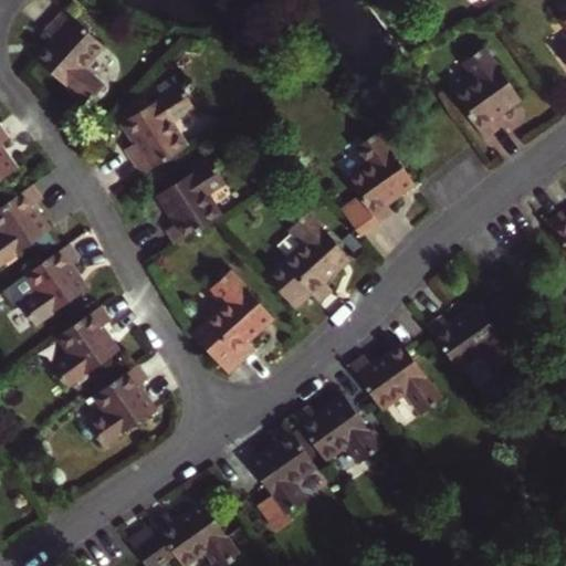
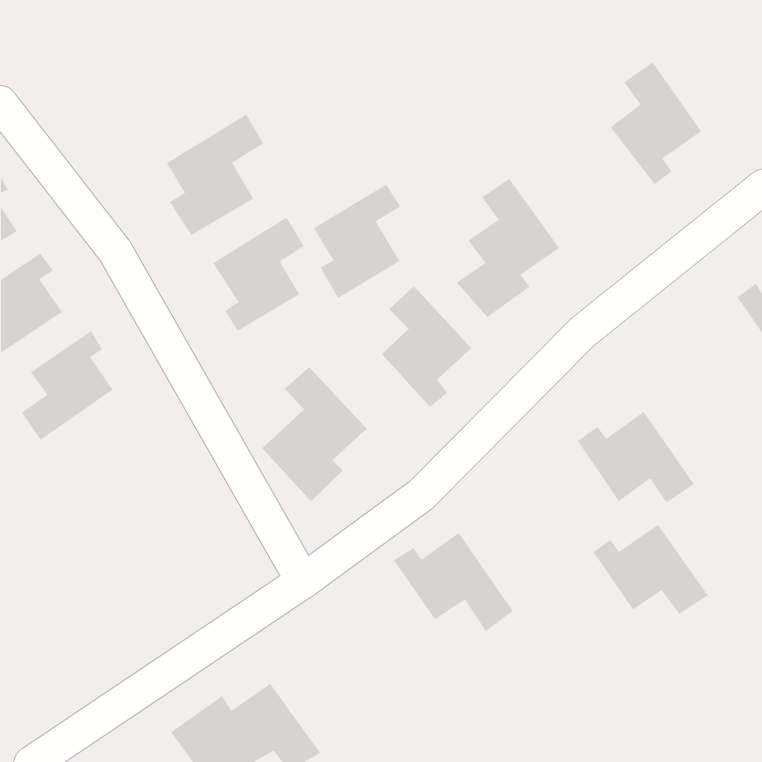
building: [34,10,104,106] -> none
building: none -> [313,184,401,299]
building: [46,310,115,391] -> none
building: [353,346,439,413] -> [592,524,709,615]
building: [82,367,155,450] -> none
building: [244,423,313,533] -> none

